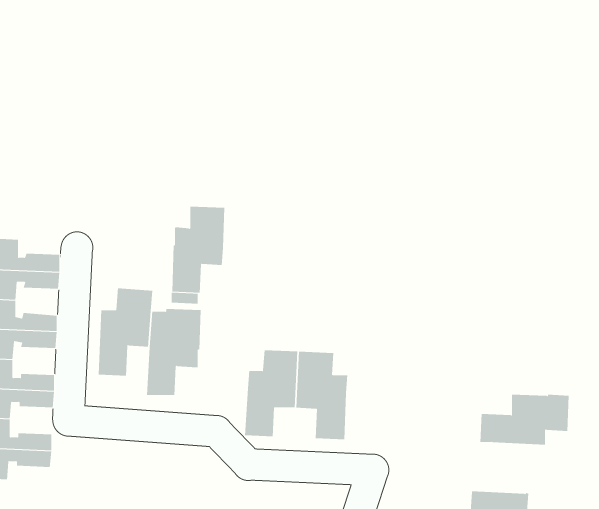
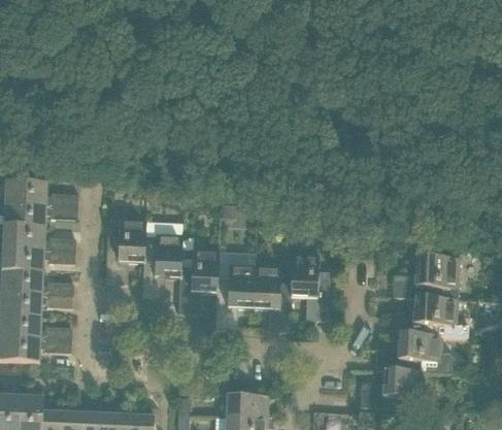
building: [171,206,225,293] -> [178,250,219,315]
building: none -> [291,254,330,321]
building: none -> [392,256,459,299]
building: none -> [375,334,455,373]

